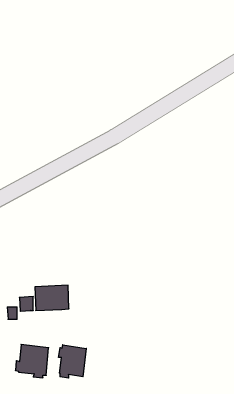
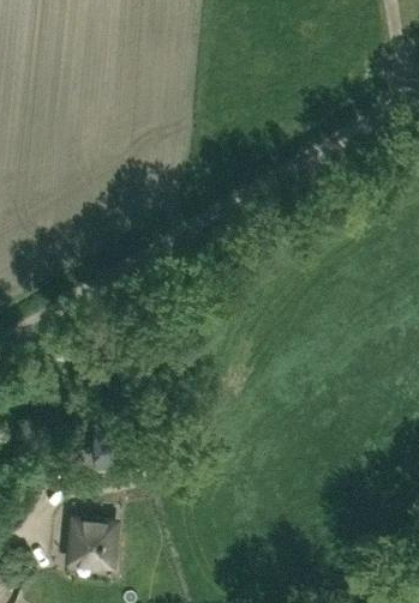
building: [59,345,86,378] -> none

